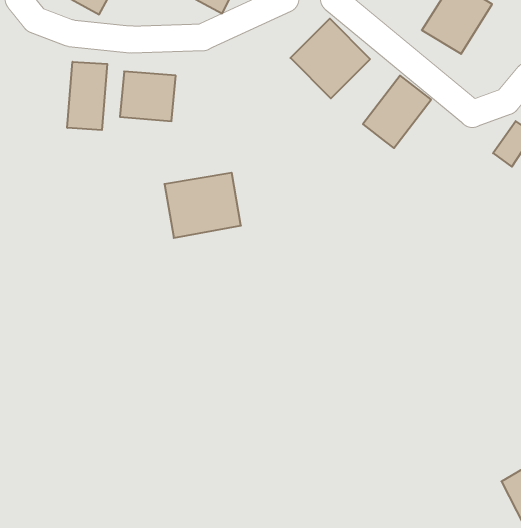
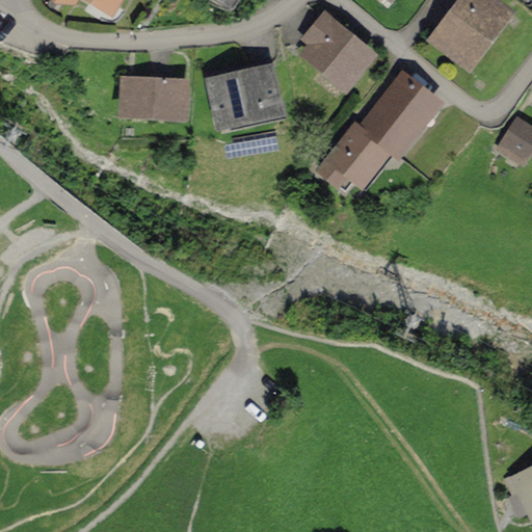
building: [67,62,107,130] -> none
building: none -> [330,118,395,186]
building: [164,173,241,238] -> [205,65,282,131]

